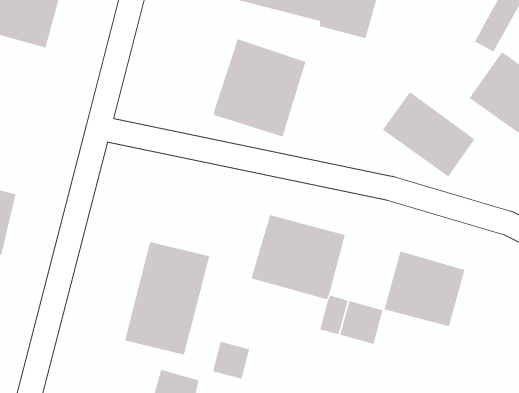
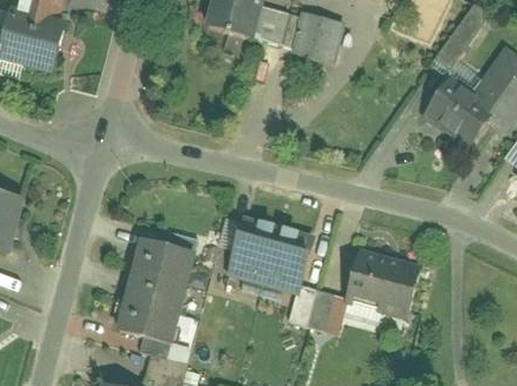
building: [213,38,306,137] -> none
building: [382,91,476,177] -> none
building: [212,341,250,380] -> none

